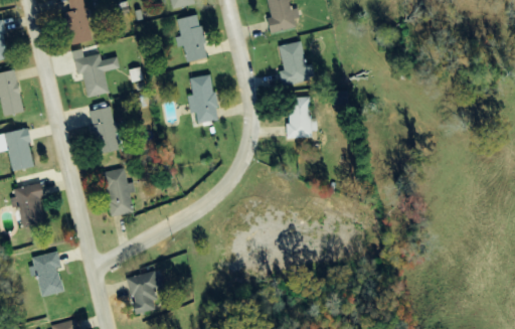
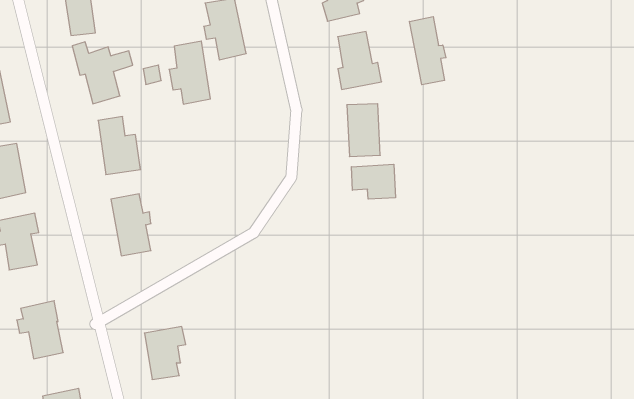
building: none -> [409,17,446,85]
building: [186,74,218,124] -> [169,41,210,104]
building: none -> [351,164,395,199]

